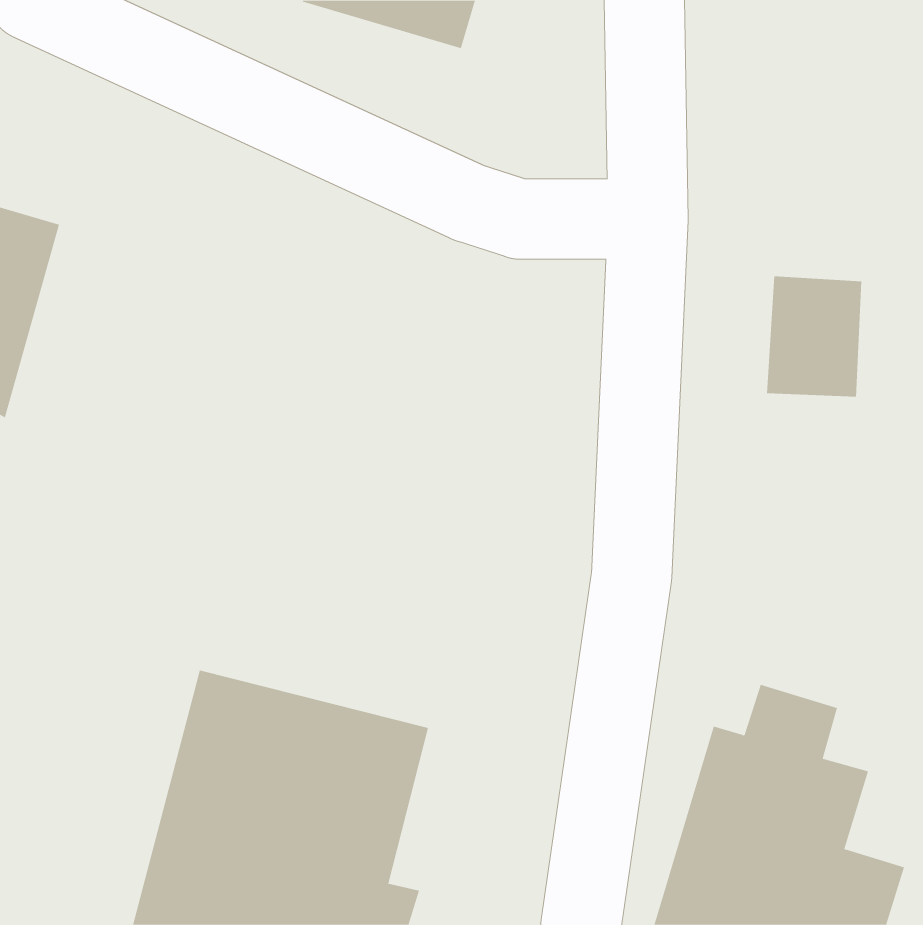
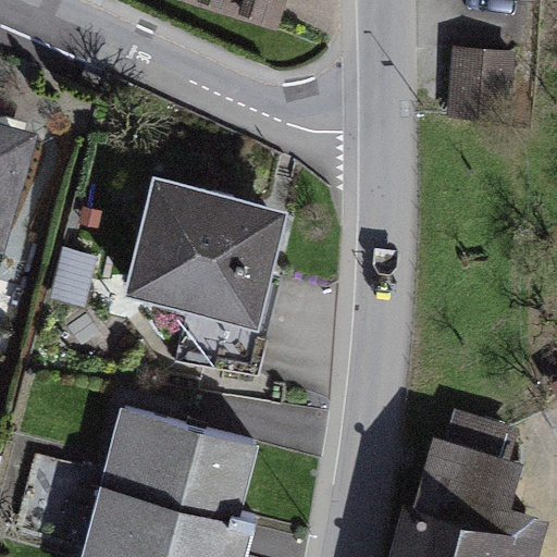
building: [766,276,862,397] -> [453,45,510,117]
building: none -> [125,182,284,375]

